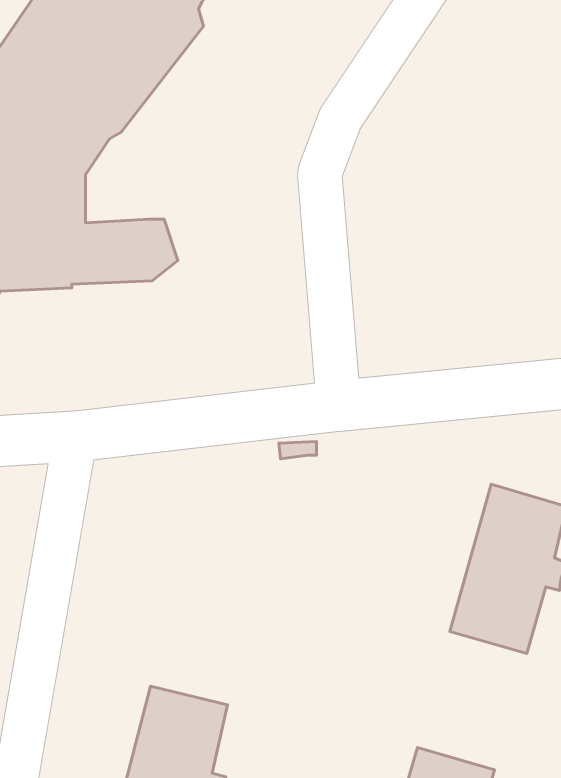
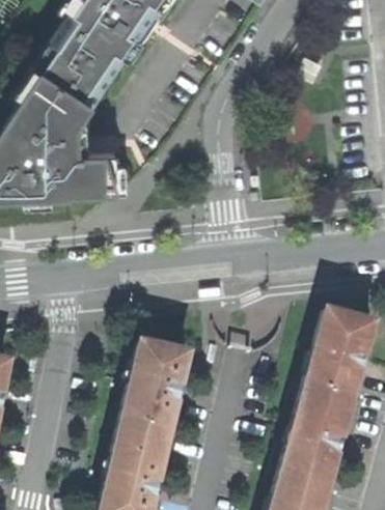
building: none -> [120,343,189,444]
building: none -> [282,399,350,483]

